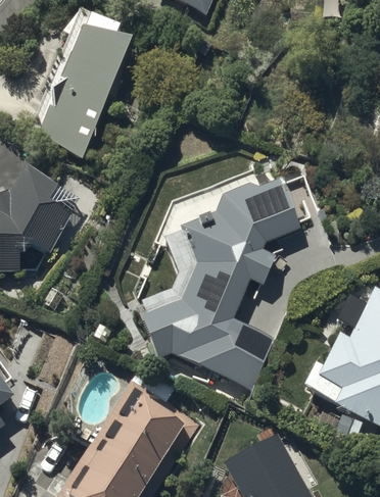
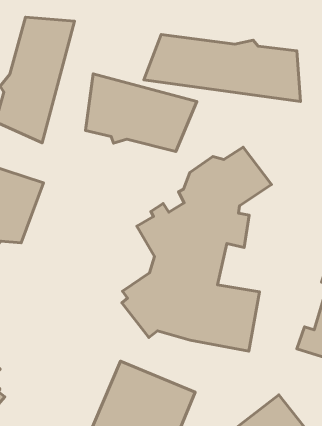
building: none -> [144,34,300,102]
building: none -> [85,74,197,152]

